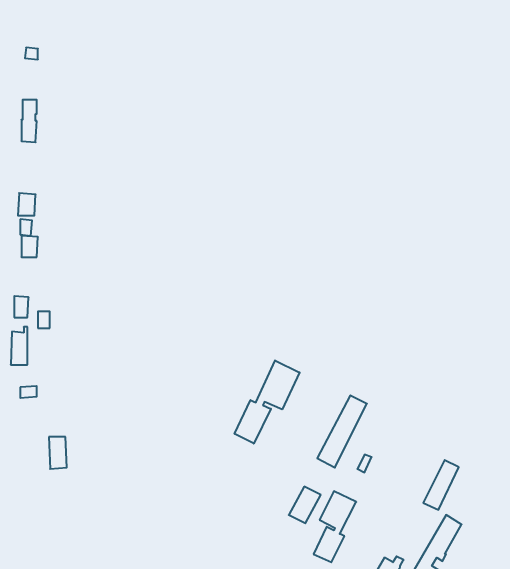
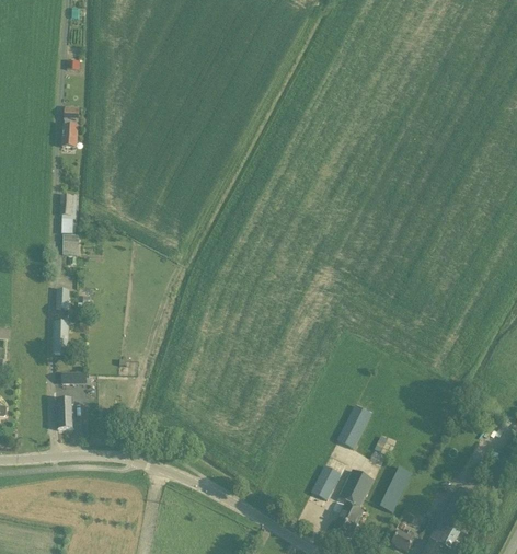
building: [235,360,300,444] -> none
building: [49,437,67,469] -> [56,400,72,429]
building: [423,460,459,510] -> [379,465,412,511]

